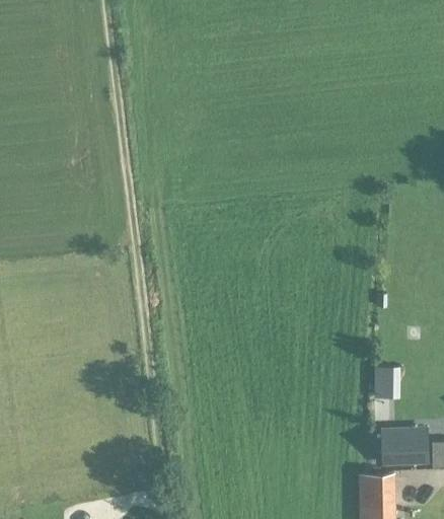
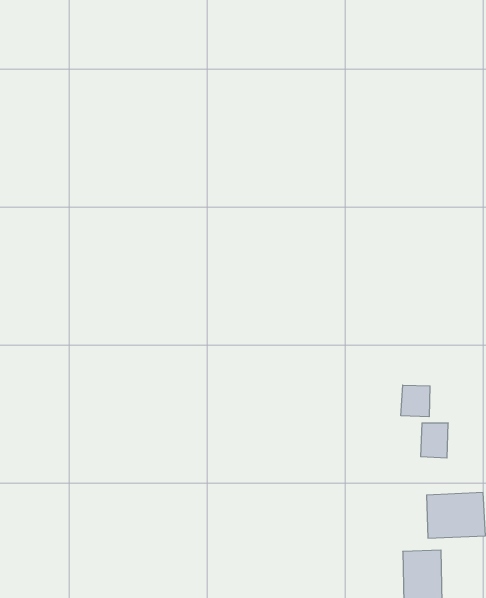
building: none -> [401,385,430,417]

